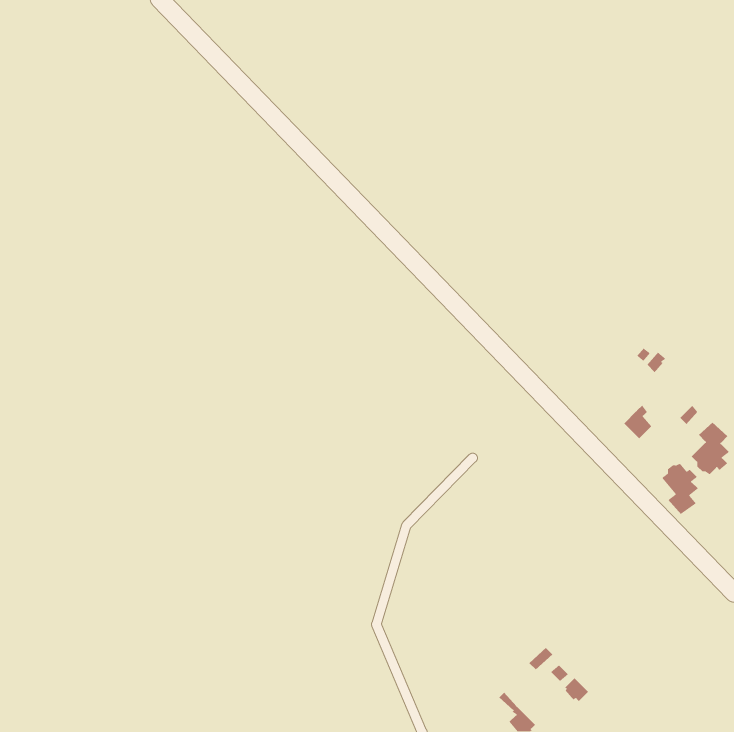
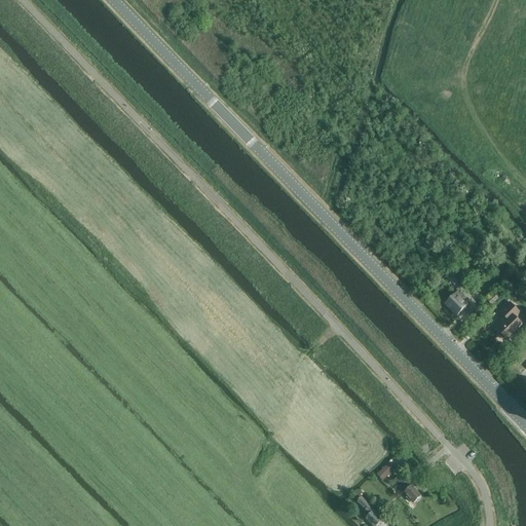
building: [661,463,699,515] -> none

